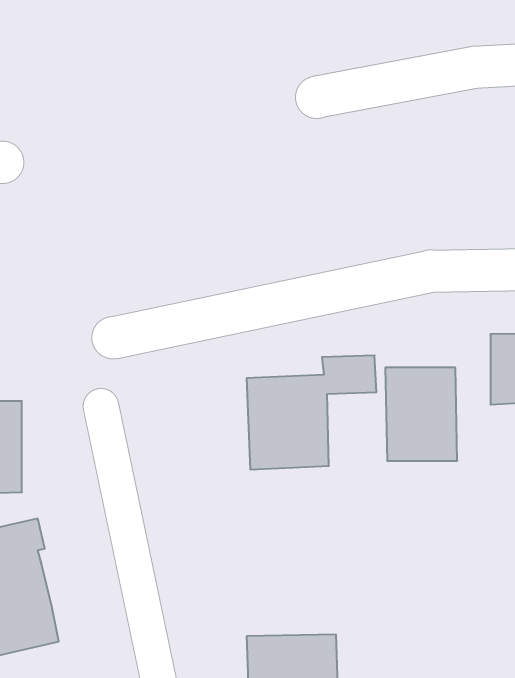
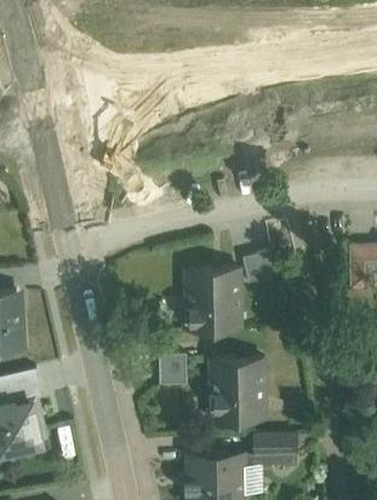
building: [385,368,457,461] -> [207,356,257,420]
building: none -> [158,356,184,386]
building: none -> [247,433,295,458]

